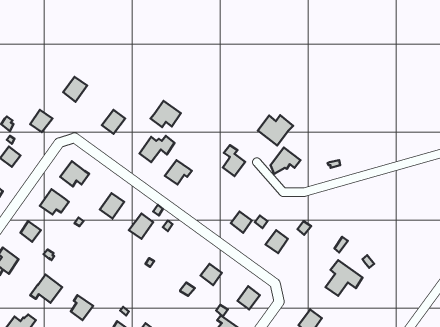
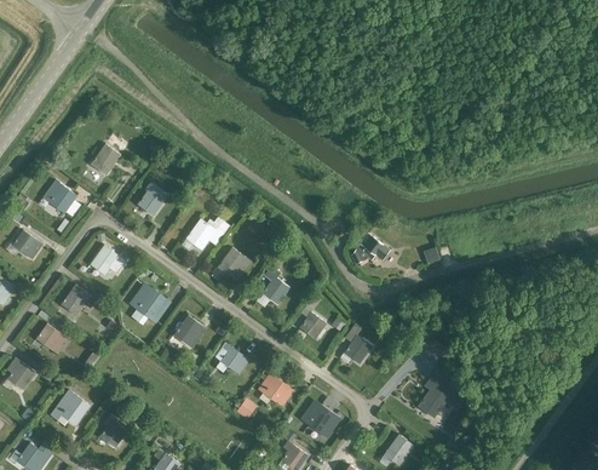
building: [150,101,181,127] -> none
building: [258,115,293,146] -> none
building: [223,145,245,176] -> [263,265,291,304]
building: none -> [214,343,246,372]

